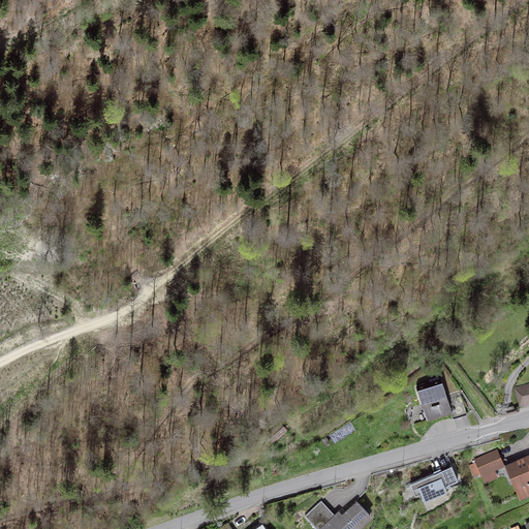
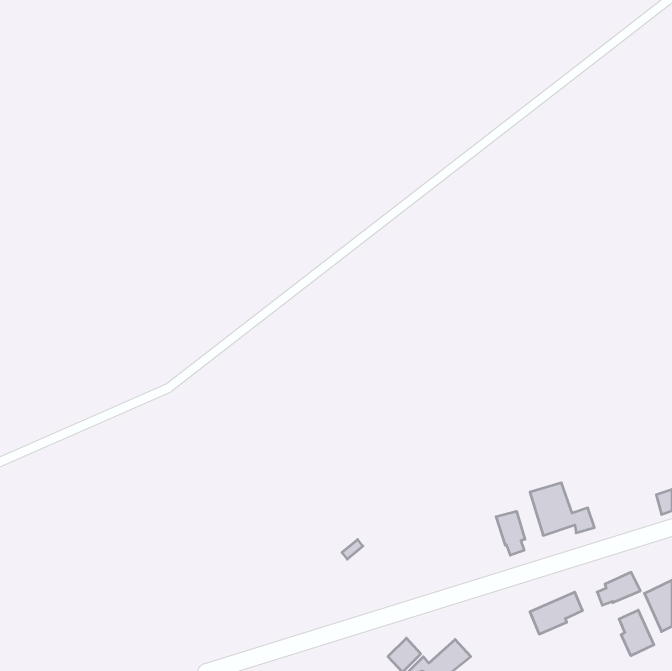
building: none -> [496,511,525,555]
building: none -> [619,610,654,656]

